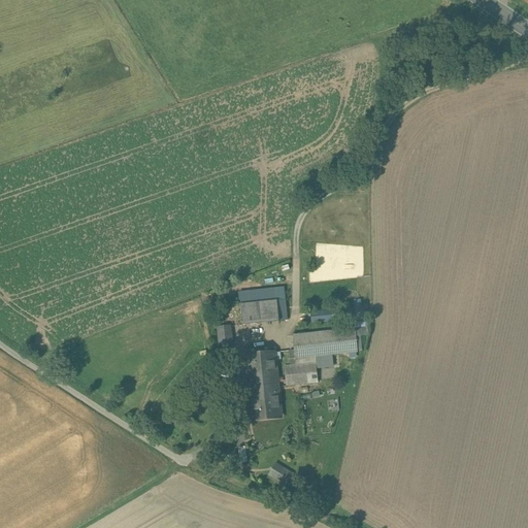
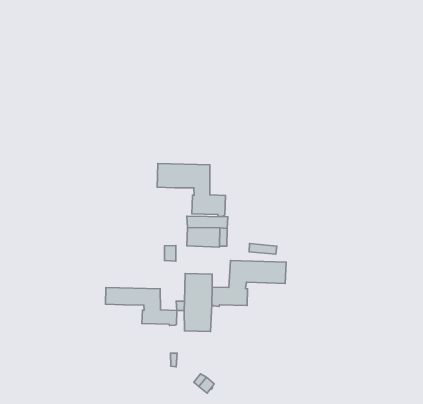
building: none -> [157,164,225,217]
building: none -> [106,287,177,326]

